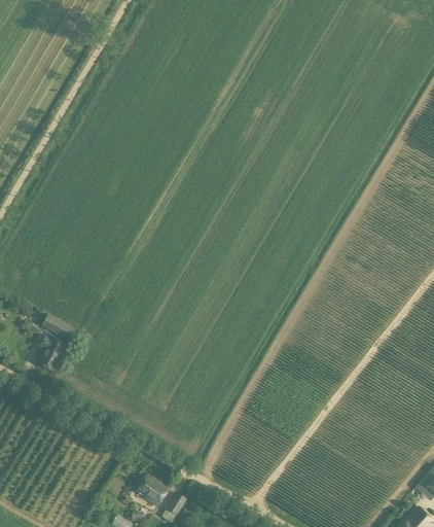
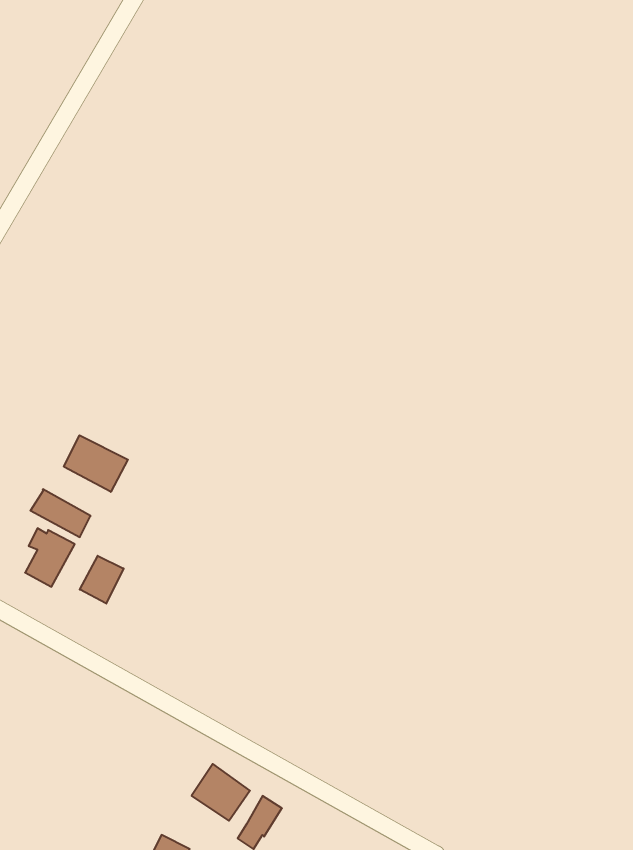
building: none -> [64,435,128,492]
building: none -> [80,556,124,604]

